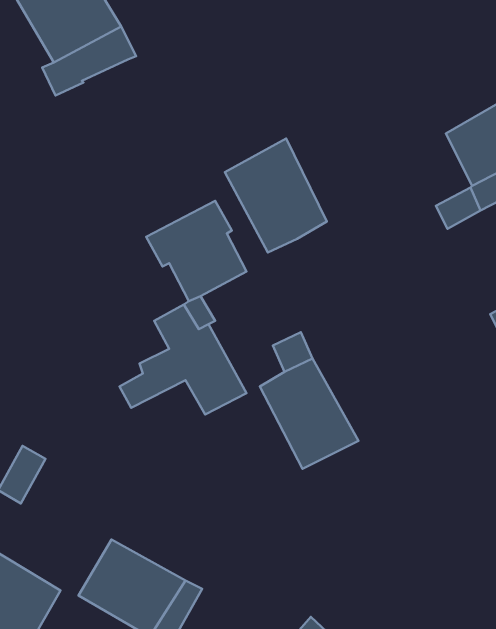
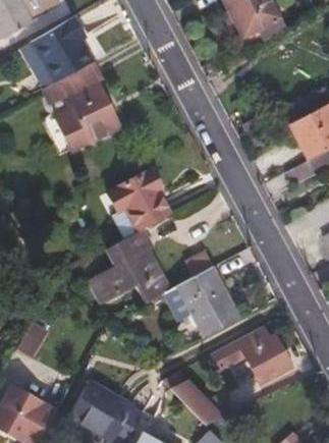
building: none -> [58,82,119,150]
building: [225,139,327,252] -> none
building: none -> [213,326,292,382]
building: none -> [170,379,233,425]

